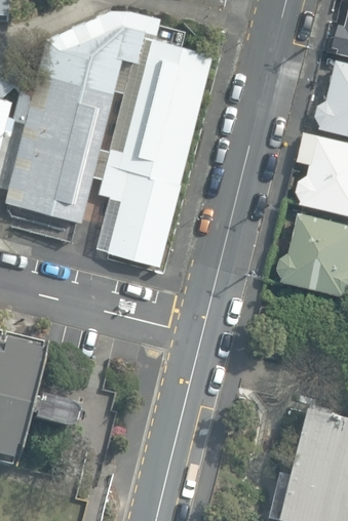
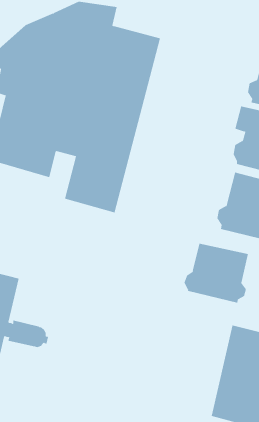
building: none -> [184,243,249,303]

